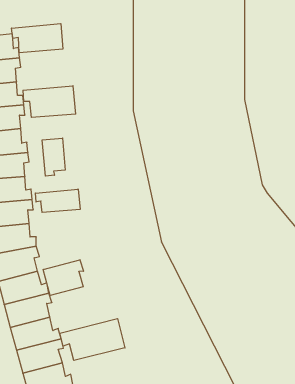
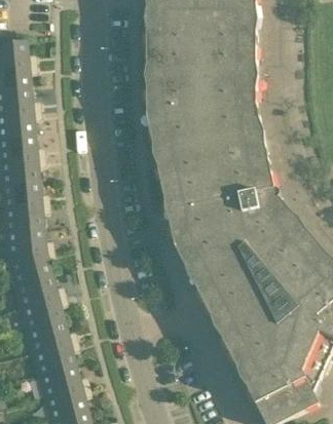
building: [12,24,63,53] -> none
building: [23,86,76,117] -> none
building: [42,138,65,176] -> none
building: [35,189,80,212] -> none
building: [43,260,83,296] -> none
building: [60,319,125,360] -> none

